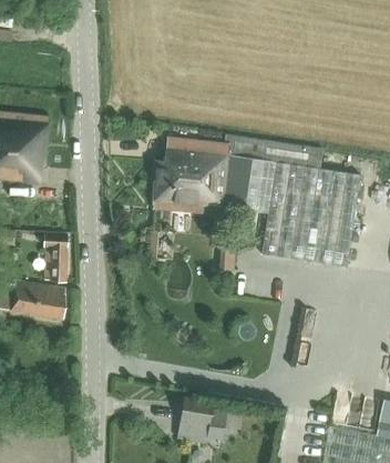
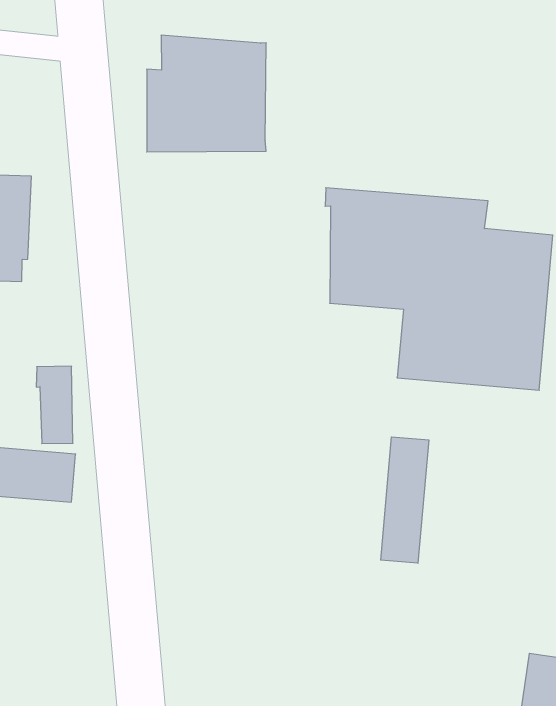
building: [153,139,229,213] -> [147,35,266,152]
building: none -> [381,437,429,563]
building: [179,396,228,443] -> none

